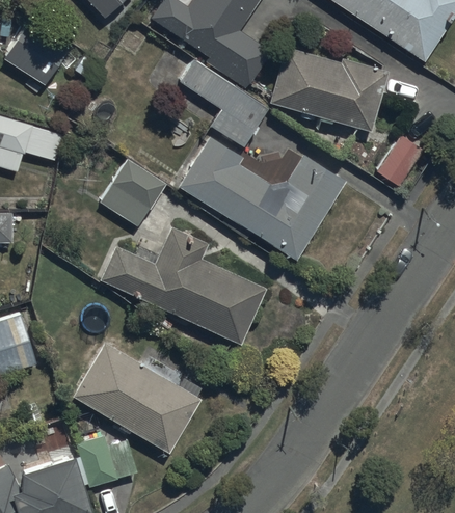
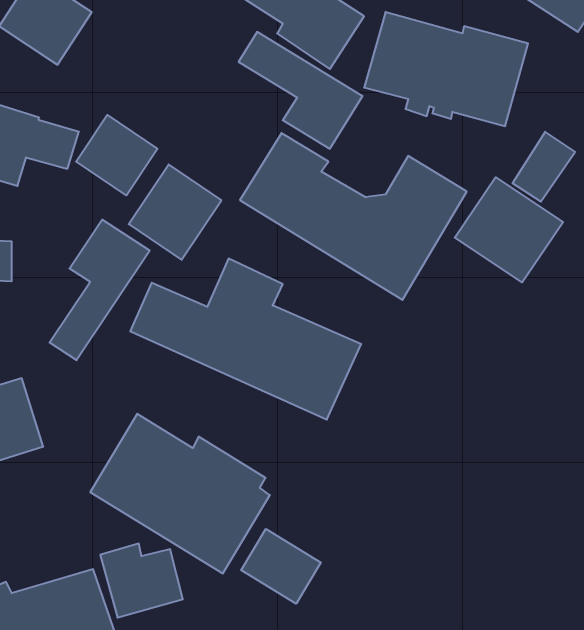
building: none -> [76,115,157,195]
building: none -> [455,177,563,282]
building: none -> [50,220,150,360]
building: none -> [241,529,321,604]

